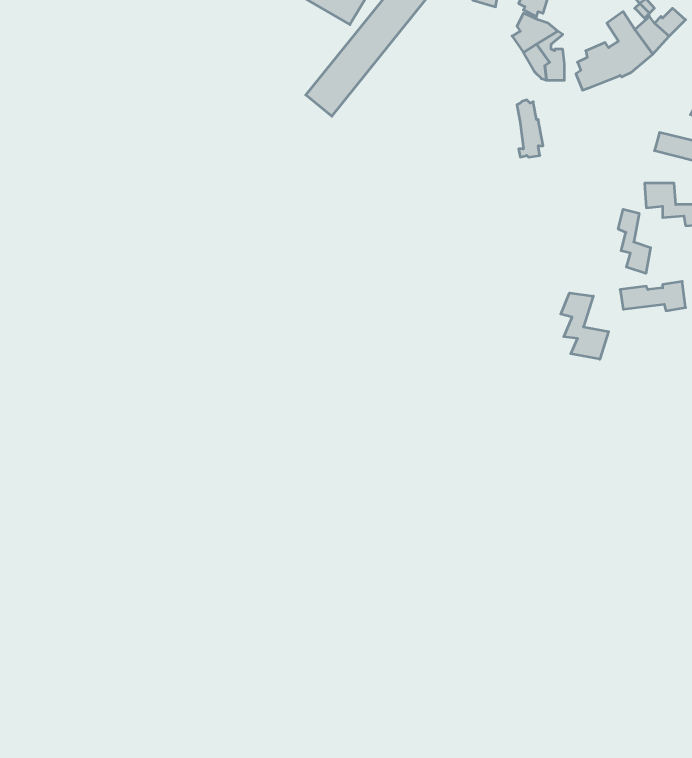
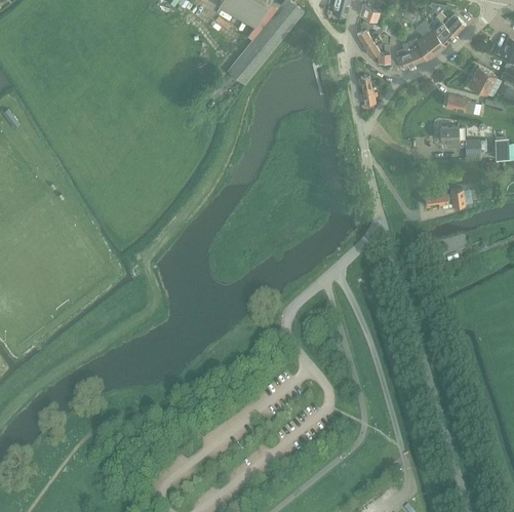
building: [618,209,651,273] -> none
building: [561,293,609,359] -> none

